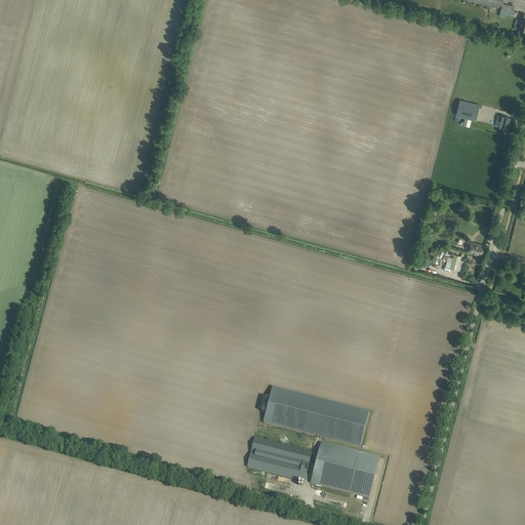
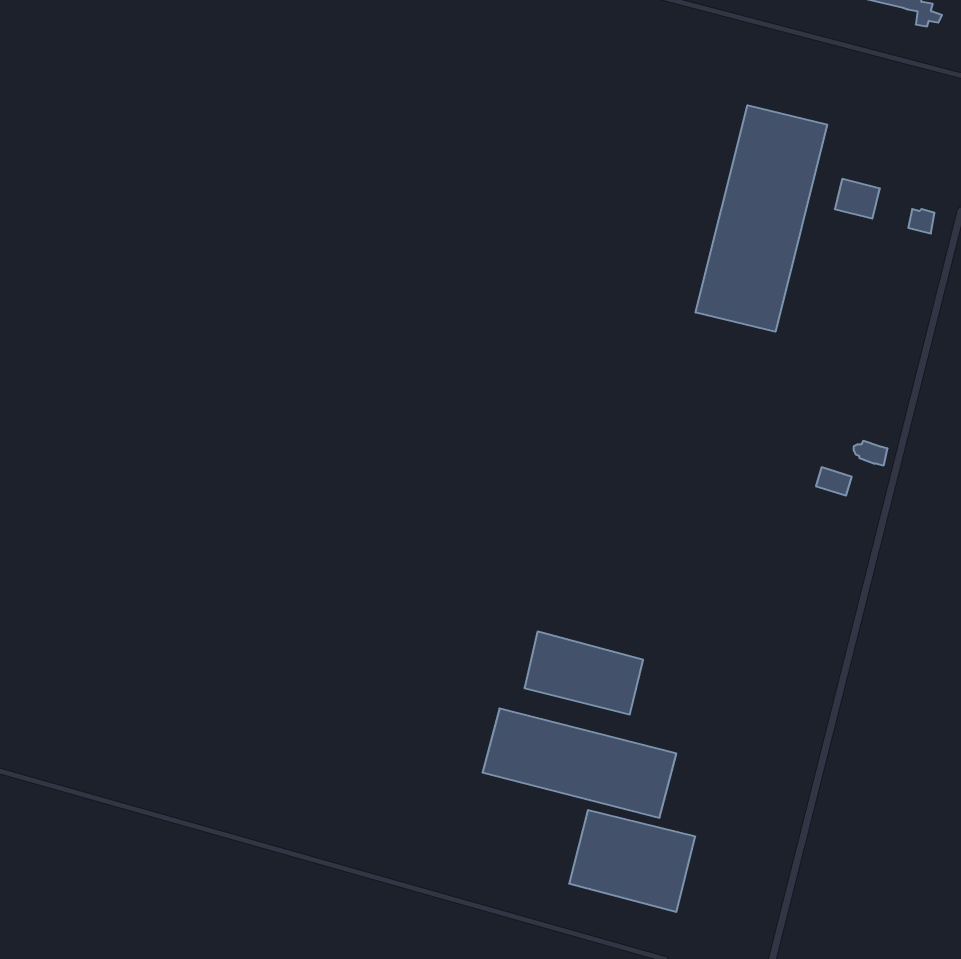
building: none -> [696,105,827,332]
building: [246,435,311,480] -> [524,632,643,714]

